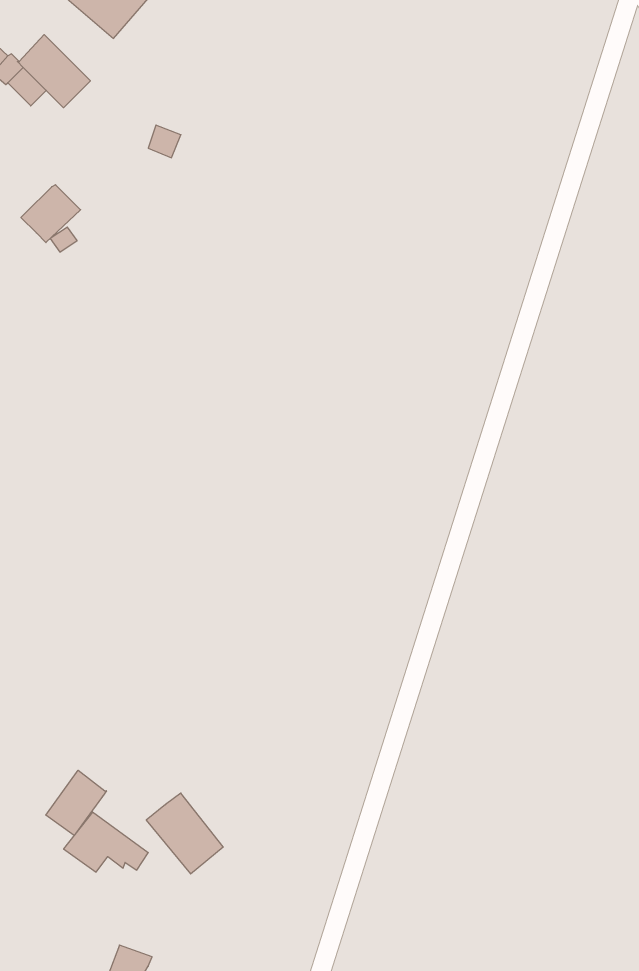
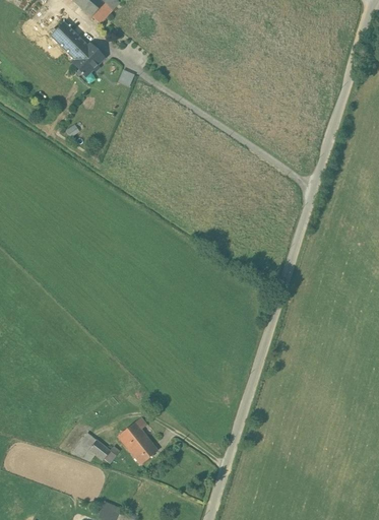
building: [21,185,81,243] -> [72,45,104,75]
building: [46,770,106,836] -> none

